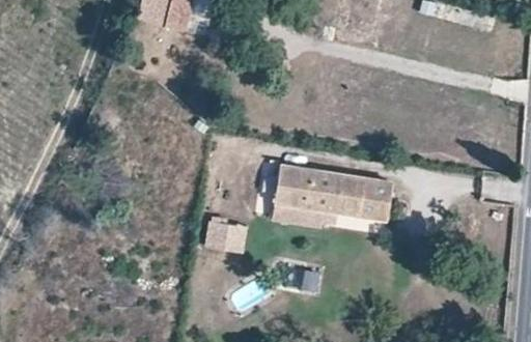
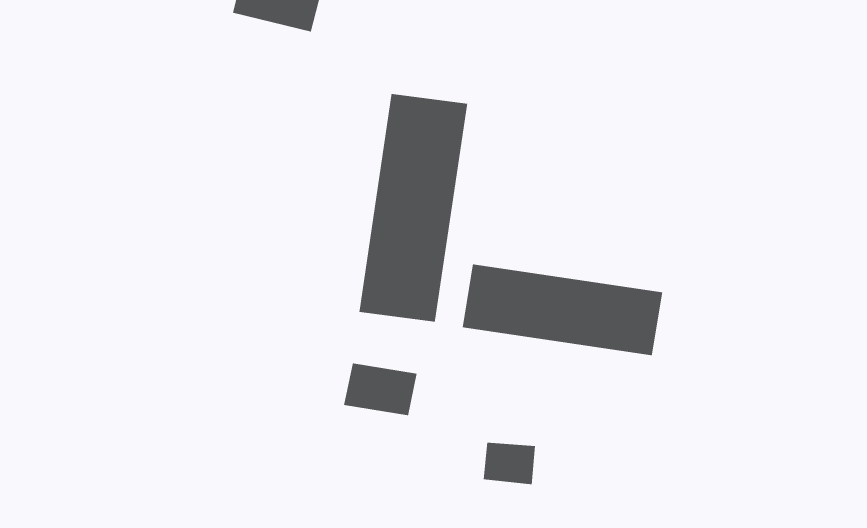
building: none -> [359,93,468,323]

